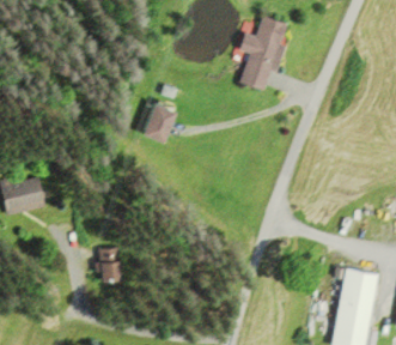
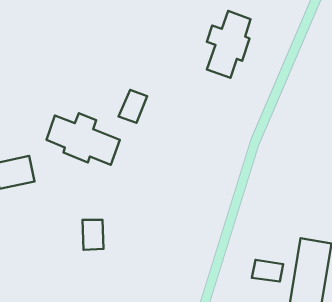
building: none -> [46,113,120,165]
building: none -> [252,260,283,281]

